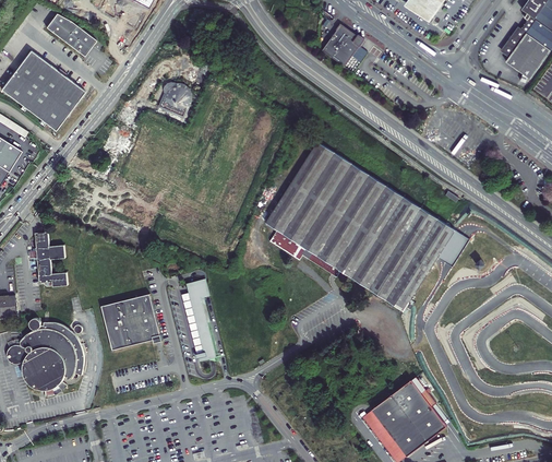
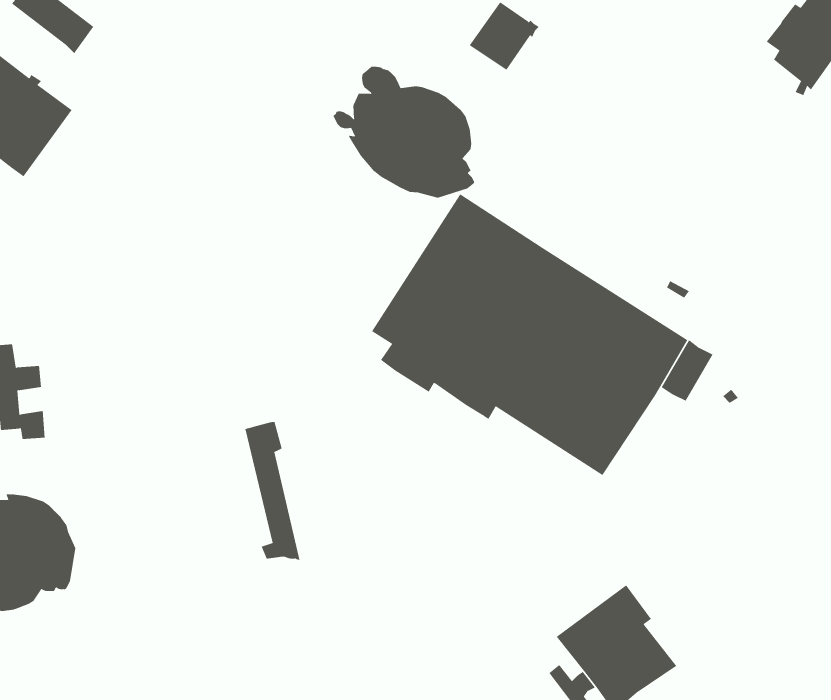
building: none -> [333,66,475,198]
building: [158,79,195,117] -> none
building: [98,293,159,348] -> none

